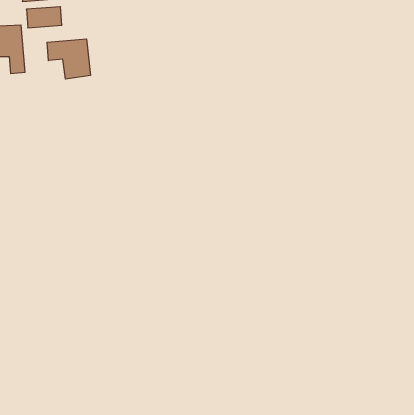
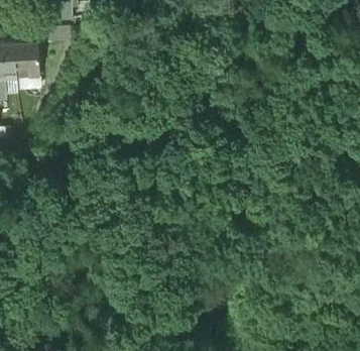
building: [47,39,90,79] -> none

